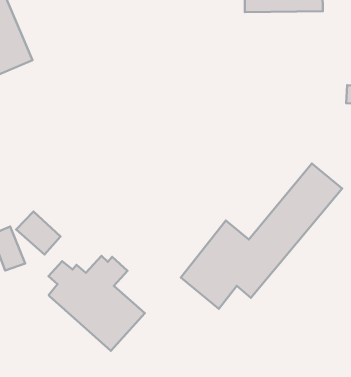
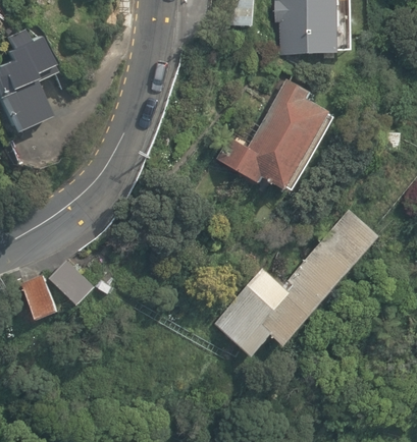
building: none -> [215,77,332,189]
building: [48,256,145,351] -> none

